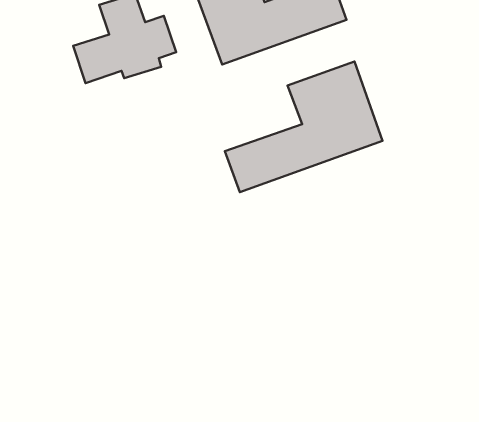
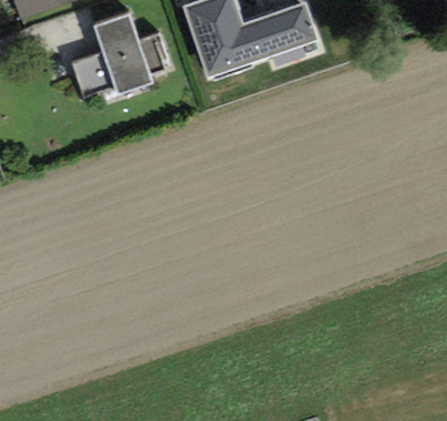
building: [225,62,382,192] -> none

